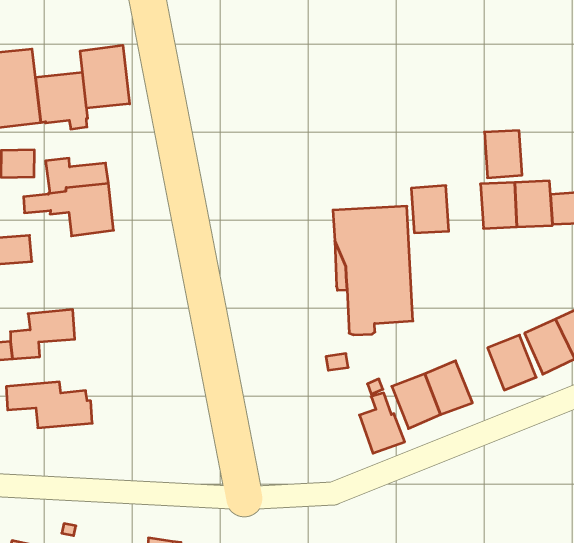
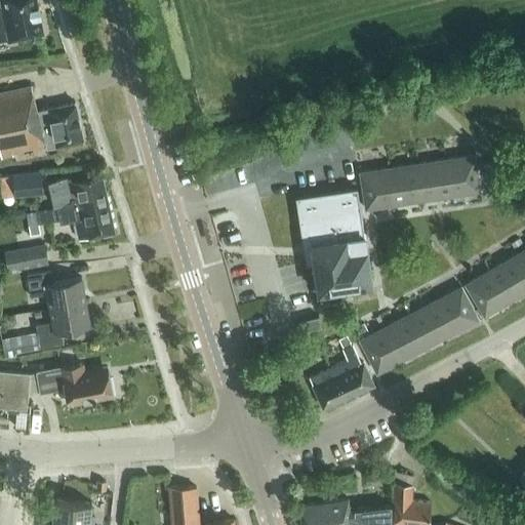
building: [80,45,130,108] -> none
building: [484,131,522,178] -> [388,165,422,207]
building: none -> [27,273,86,311]
building: none -> [410,301,453,349]
building: none -> [309,368,349,410]

